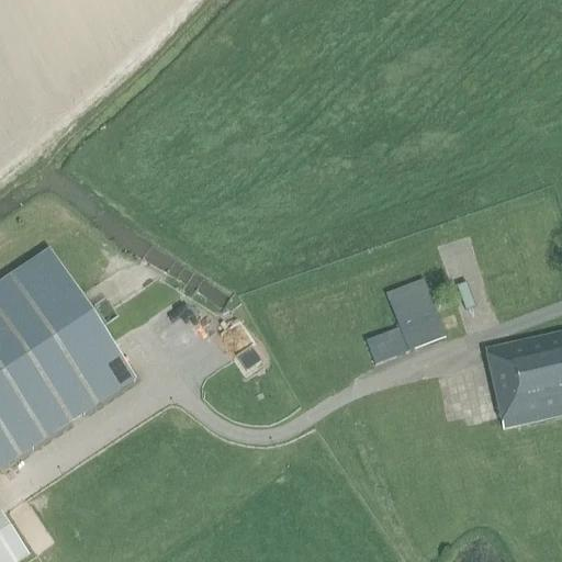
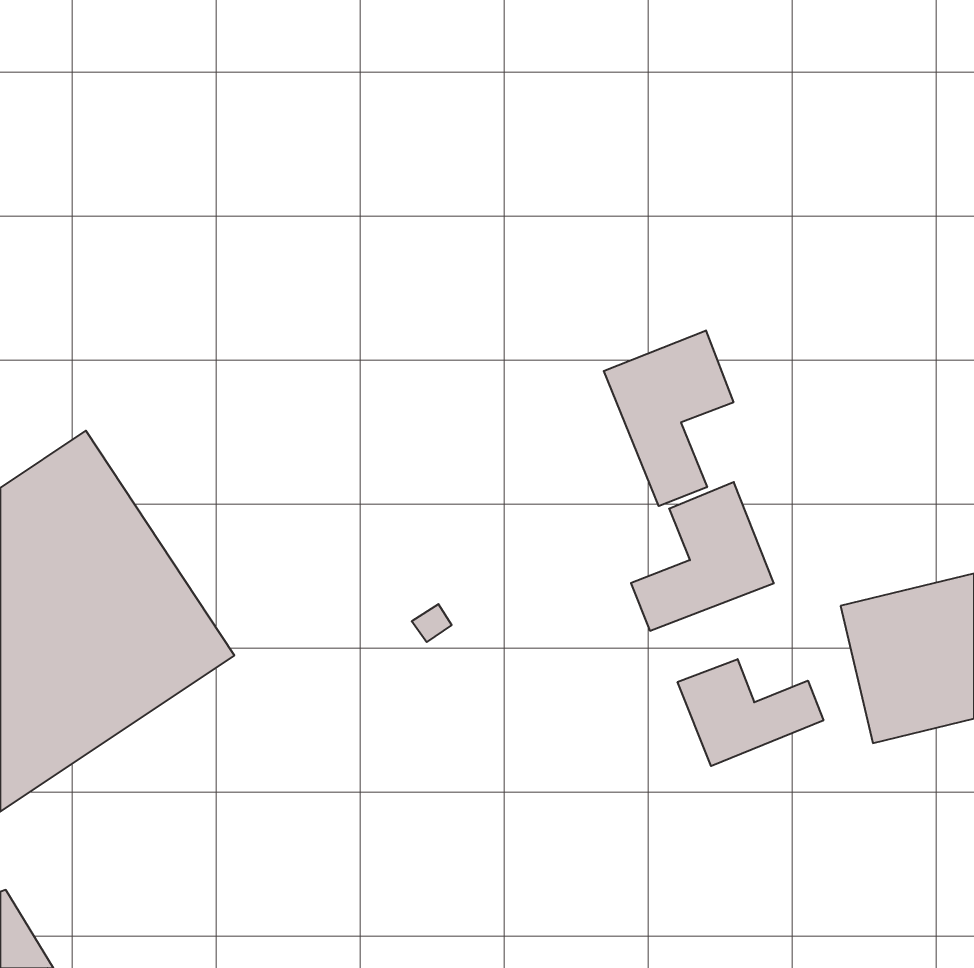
building: none -> [604,330,733,506]
building: none -> [678,659,823,766]

